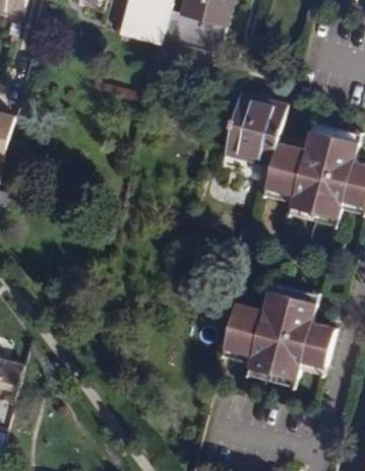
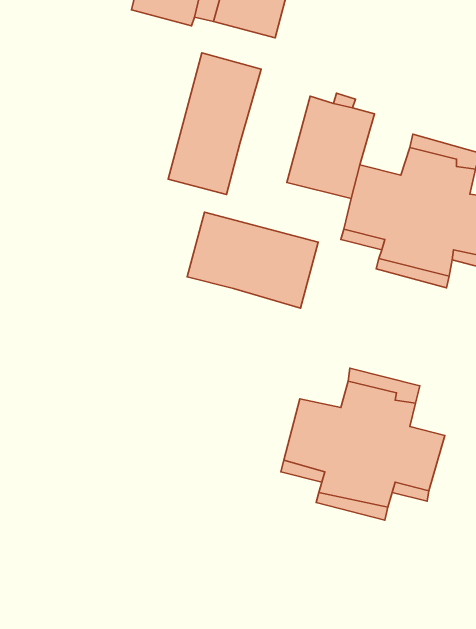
building: none -> [168,53,261,195]
building: none -> [187,212,318,308]

